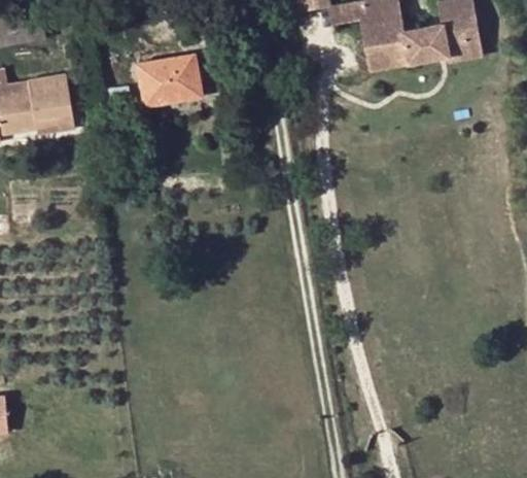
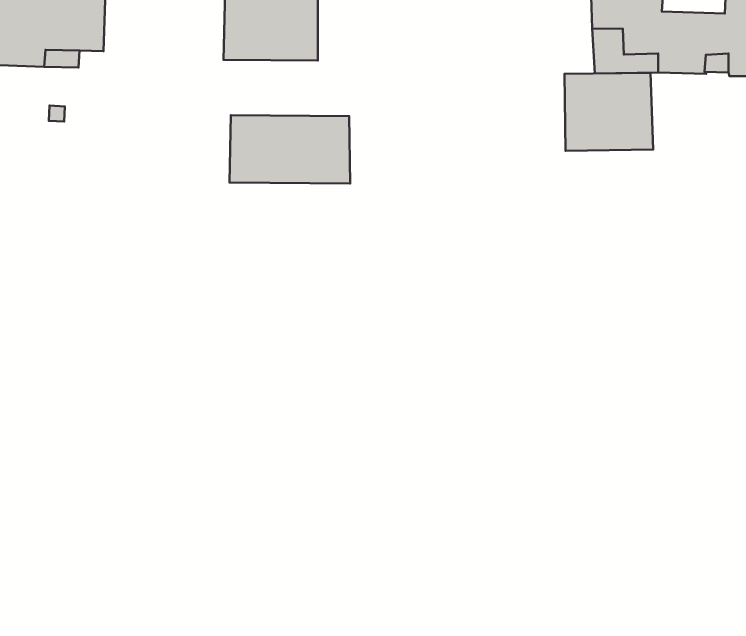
building: none -> [565,73,653,151]
building: none -> [230,115,350,184]

